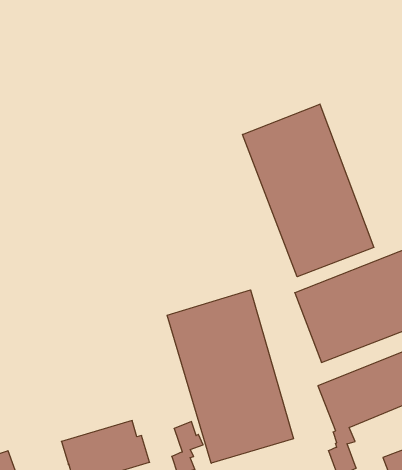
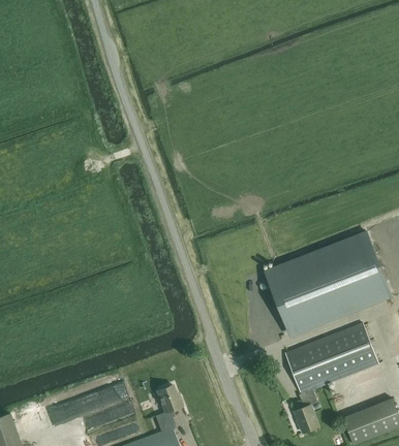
building: [243,104,374,277] -> none
building: [167,290,294,463] -> none

